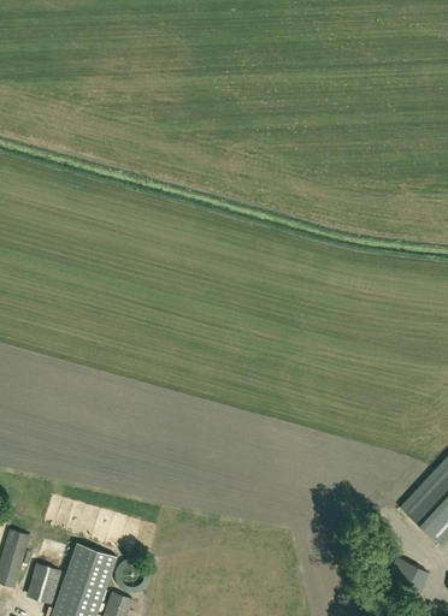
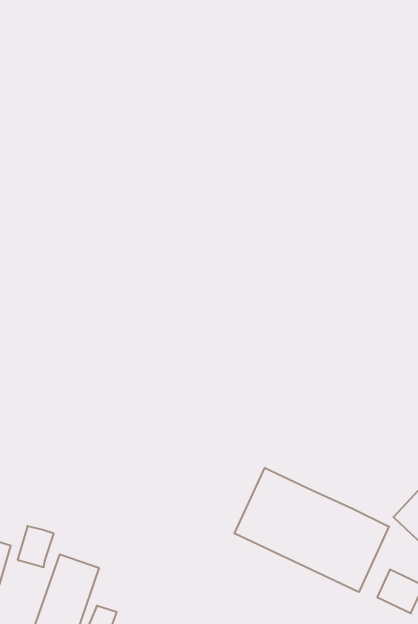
building: none -> [235,468,389,592]
building: [25,563,60,603] -> [18,526,54,567]

